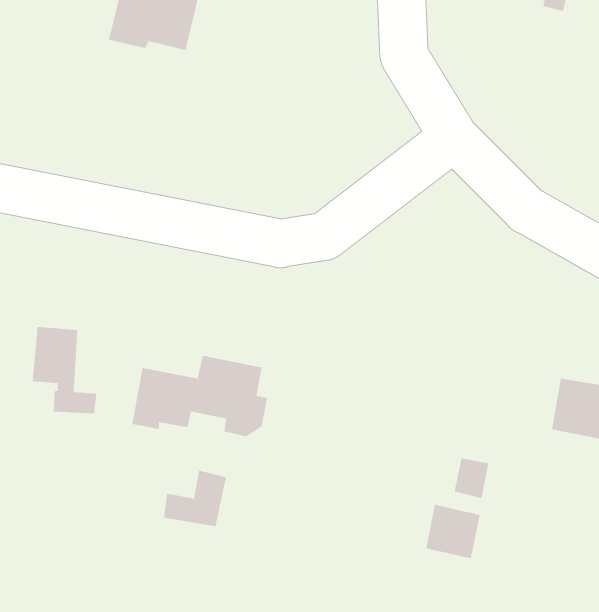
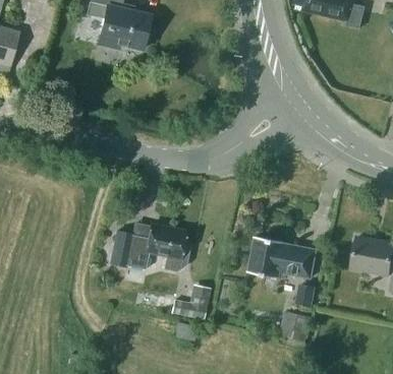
building: [32,326,97,414] -> none
building: none -> [249,237,317,277]
building: [163,470,227,527] -> [173,286,210,318]

